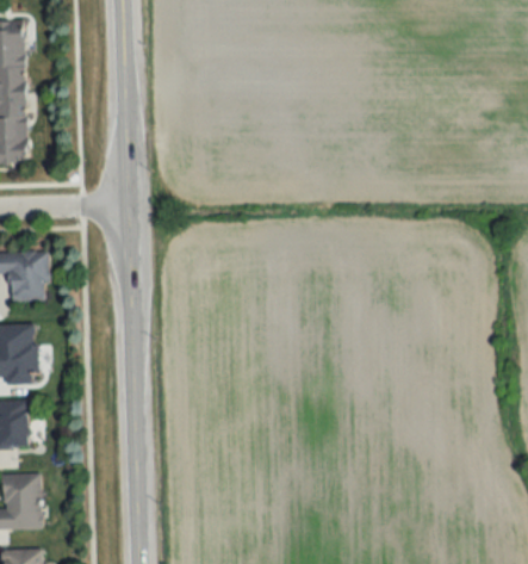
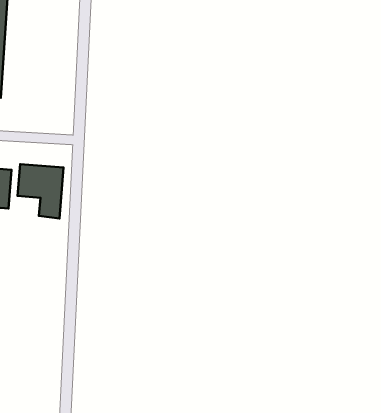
building: none -> [18,164,64,219]

